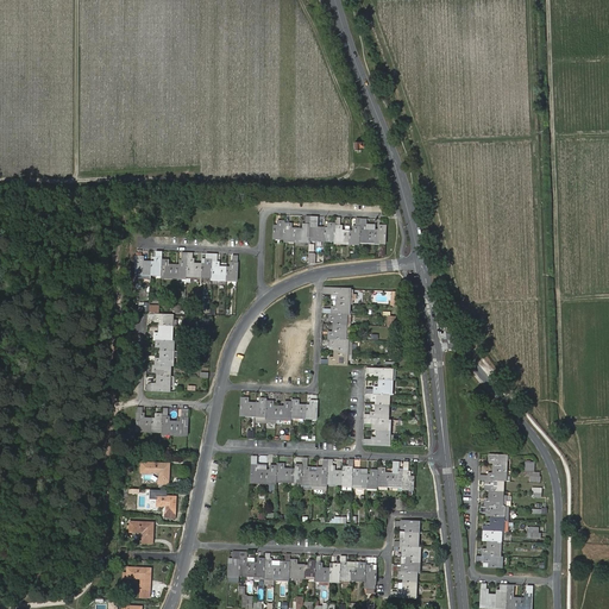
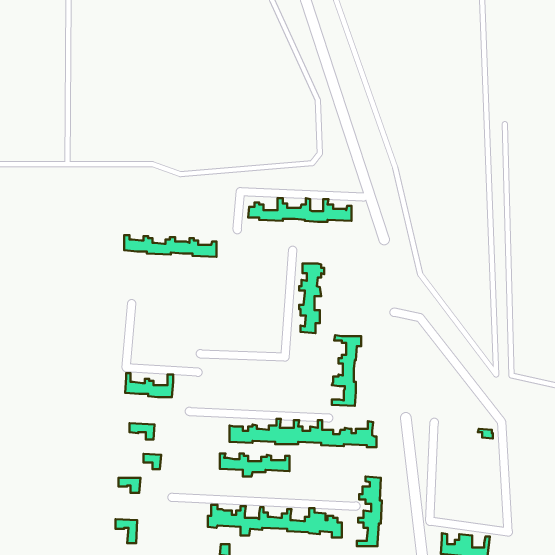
building: [147,316,172,393] -> none
building: [240,398,316,423] -> [220,454,290,476]
building: [477,453,506,565] -> none

